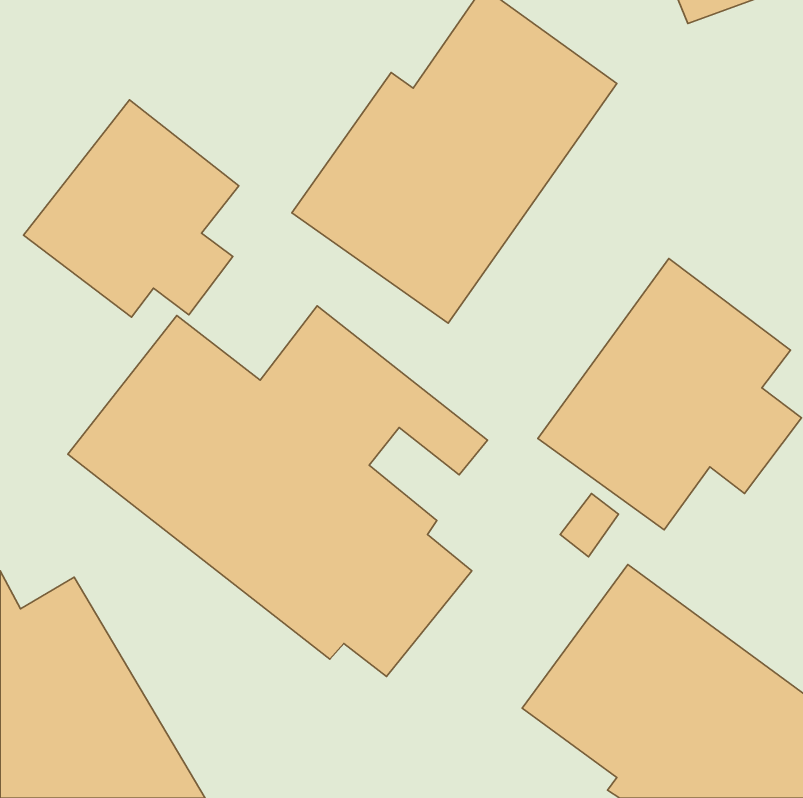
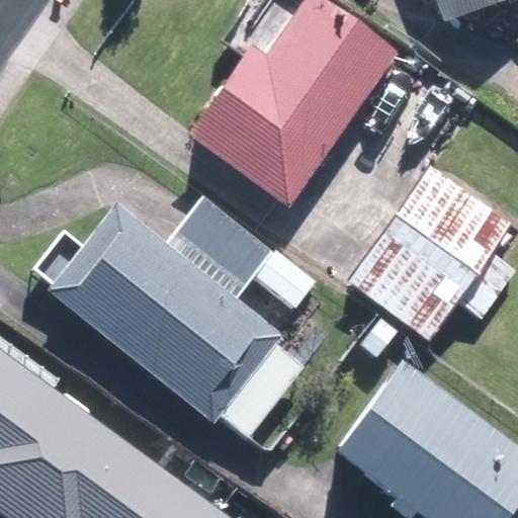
building: [23,100,239,317] -> none

